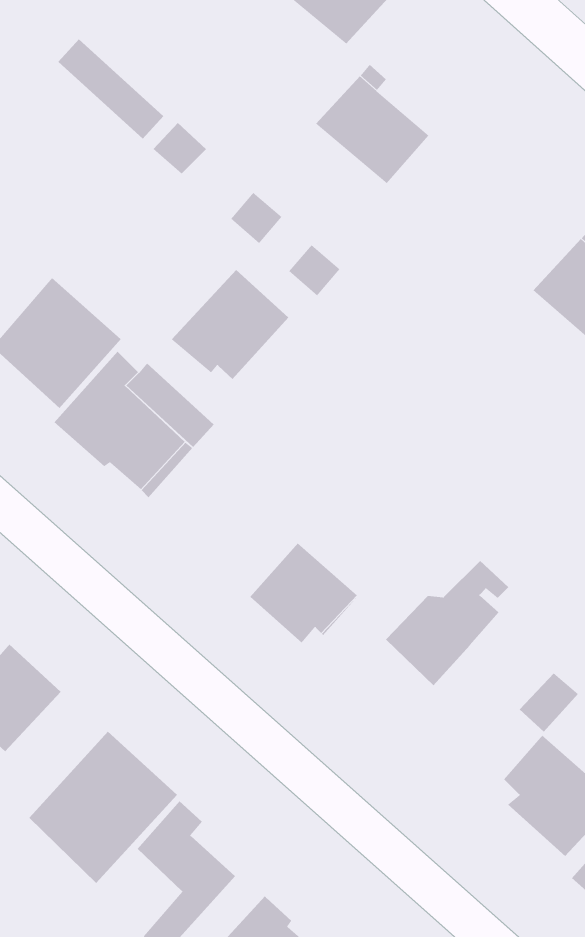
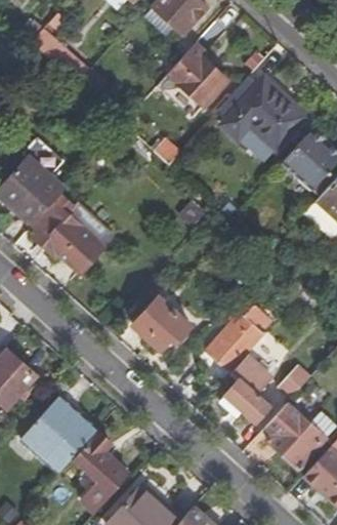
building: none -> [218,77,306,151]
building: [171,269,289,380] -> none
building: none -> [224,352,275,421]

